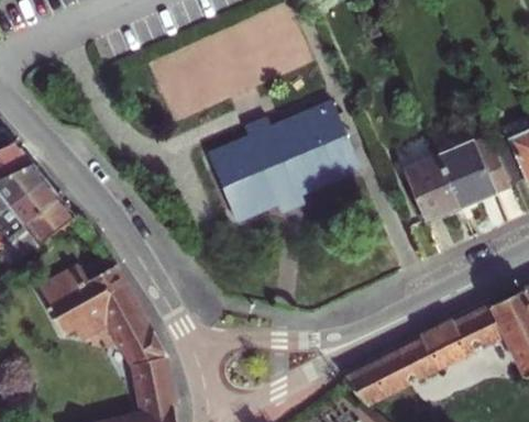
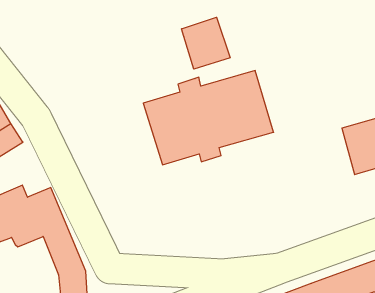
building: none -> [182,17,230,69]
building: [405,155,461,221] -> none

